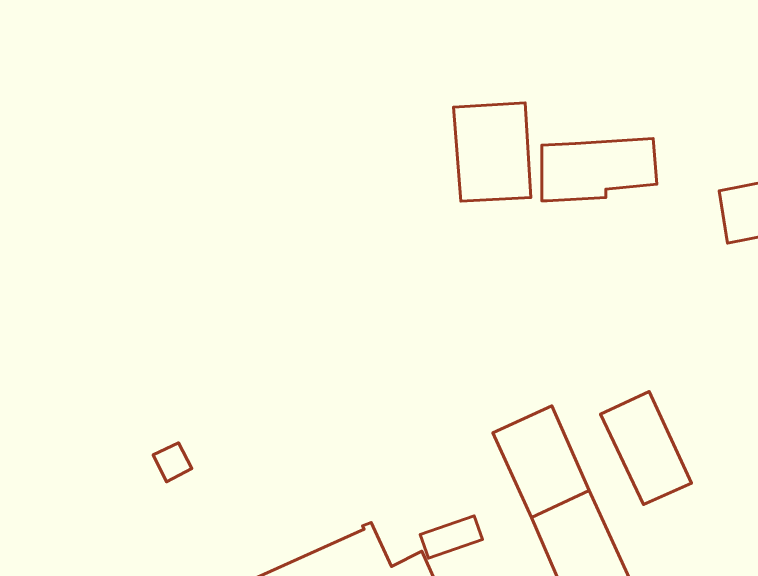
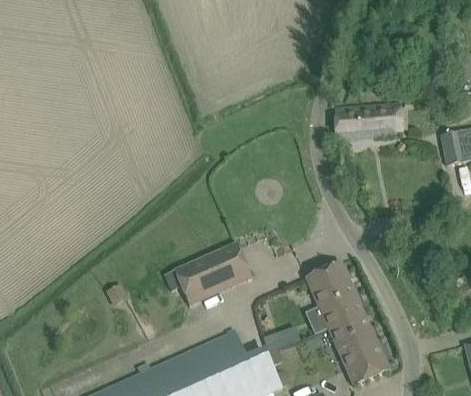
building: [454,103,531,201] -> none
building: none -> [173,240,252,305]
building: [600,391,691,505] -> none

